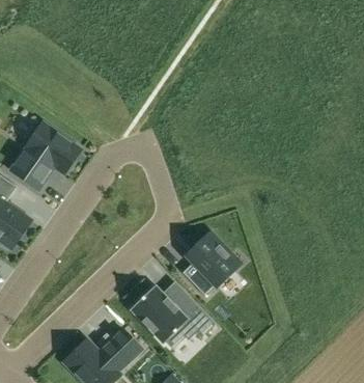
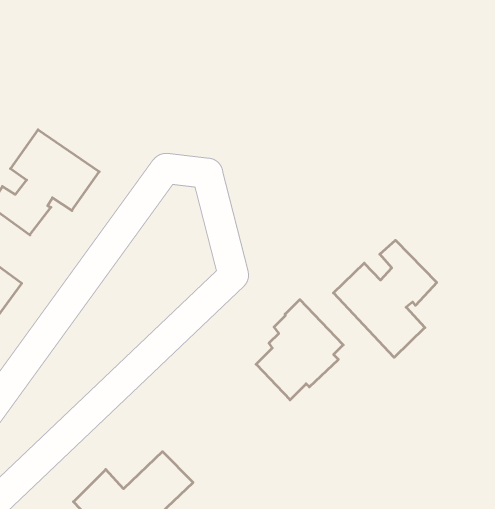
building: none -> [333,240,437,357]
building: [130,285,216,349] -> none

